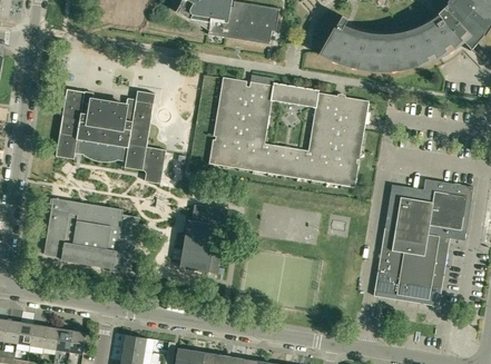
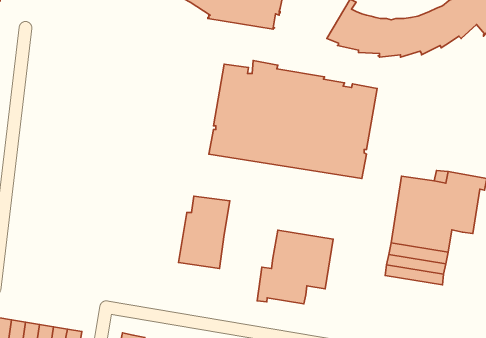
building: [55,89,165,184] -> none
building: [42,201,138,268] -> none
building: none -> [257,230,333,304]
building: [373,279,430,299] -> none

